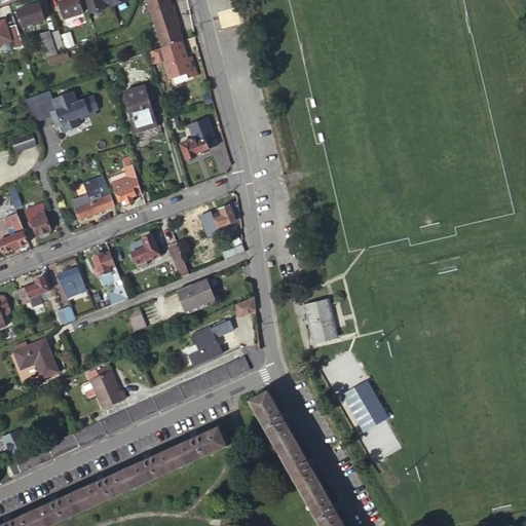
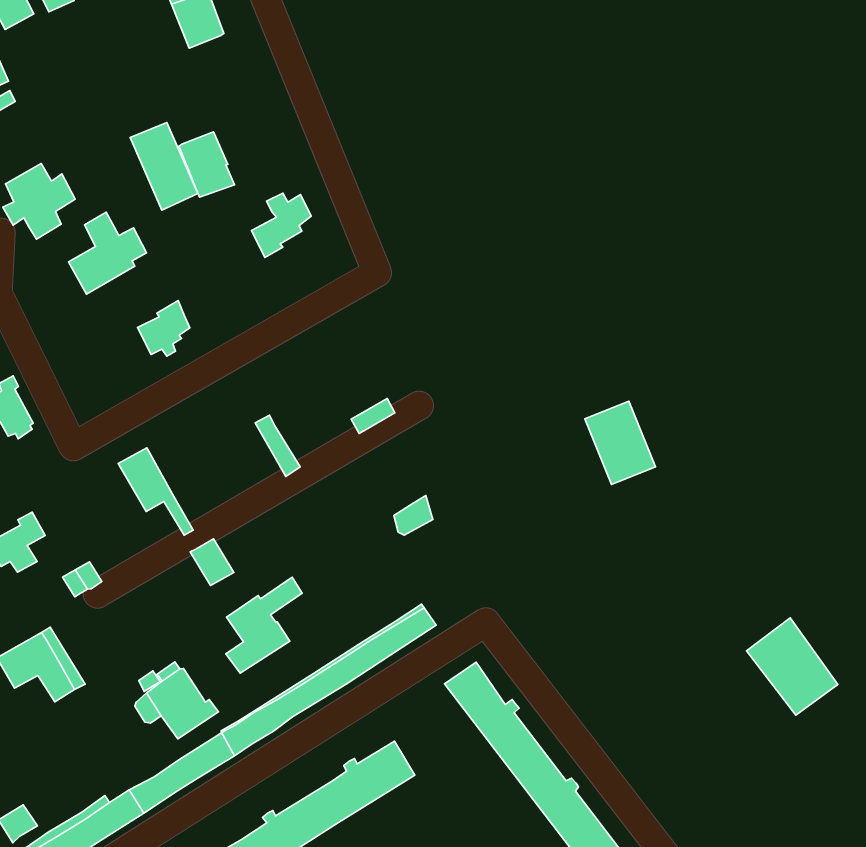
building: [158,38,185,72] -> [179,132,234,197]
building: [70,178,112,220] -> [69,212,147,294]
building: [211,201,238,227] -> none
building: [127,234,157,268] -> none
building: [57,268,84,299] -> none
building: [173,278,212,311] -> none
building: [303,299,337,342] -> [585,401,655,485]
building: [186,320,231,367] -> [226,577,302,673]
building: [342,381,388,434] -> [746,618,838,715]

